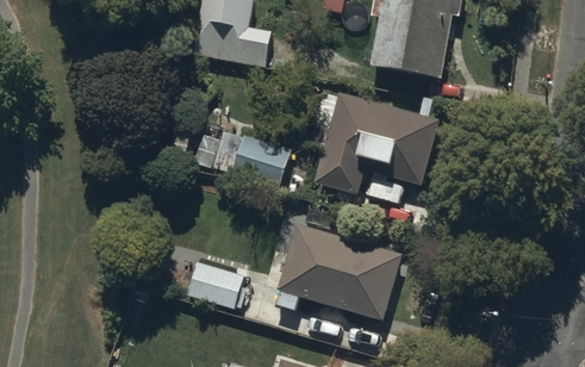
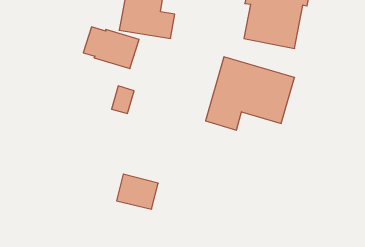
building: [211,130,291,189] -> [83,27,139,69]
building: [272,220,404,321] -> none

